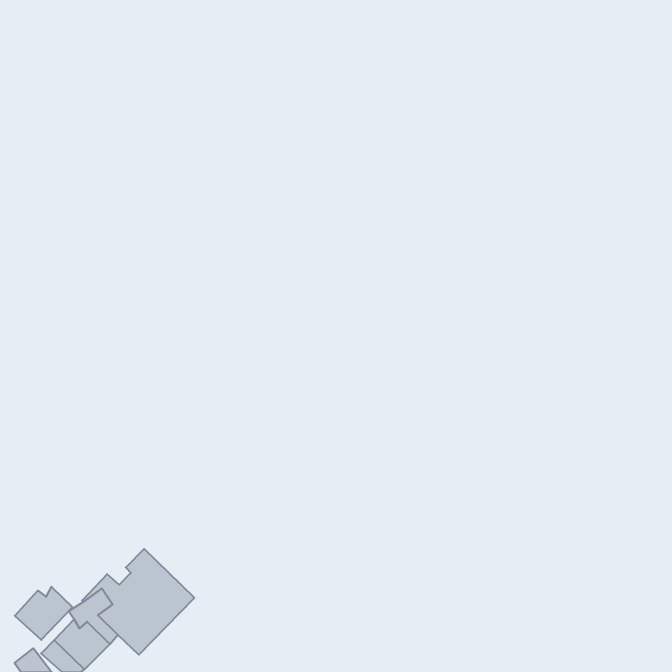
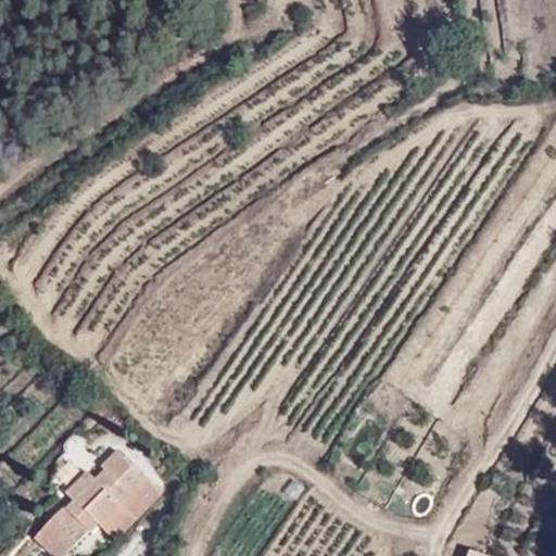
building: [15,587,72,640] -> none

